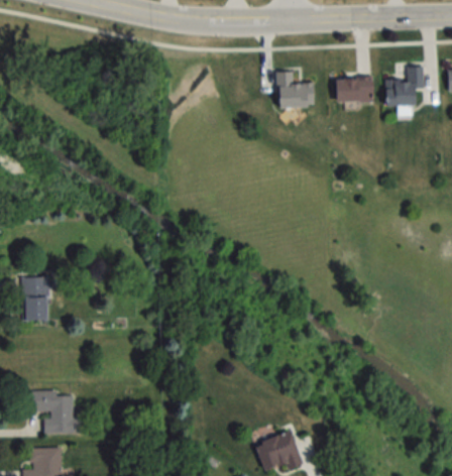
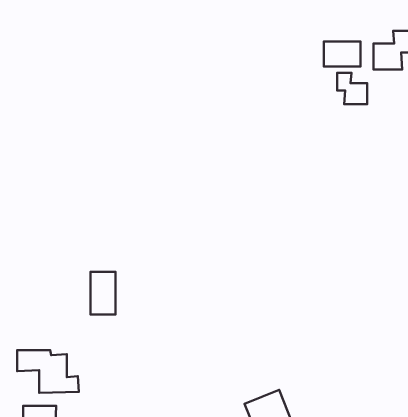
building: [276,72,314,108] -> none
building: none -> [337,73,367,104]
building: [23,278,48,322] -> [91,272,115,315]

